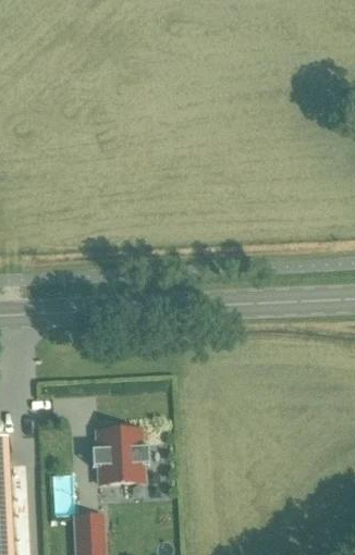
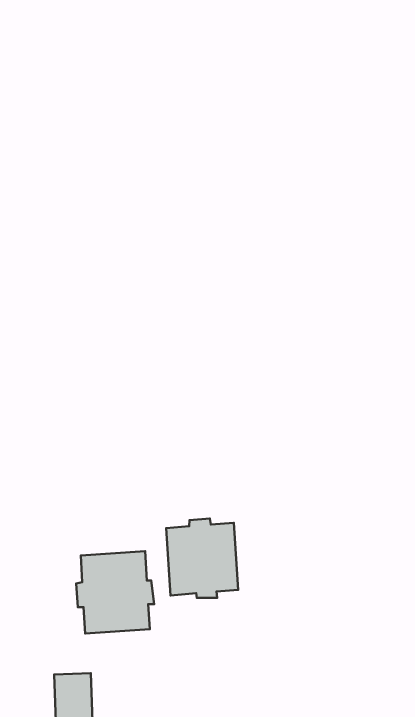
building: none -> [166,519,238,598]

